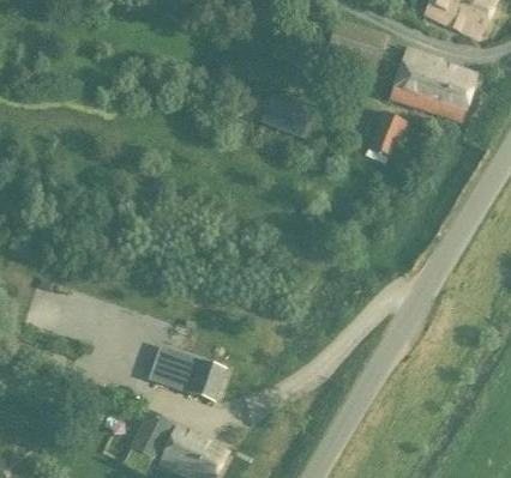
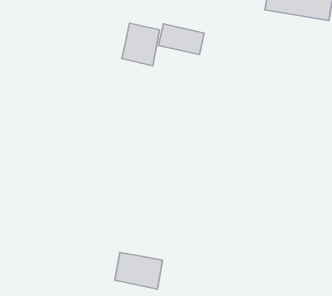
building: none -> [122,23,160,66]
building: [365,111,407,159] -> none

